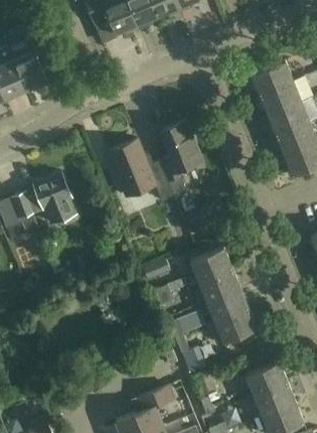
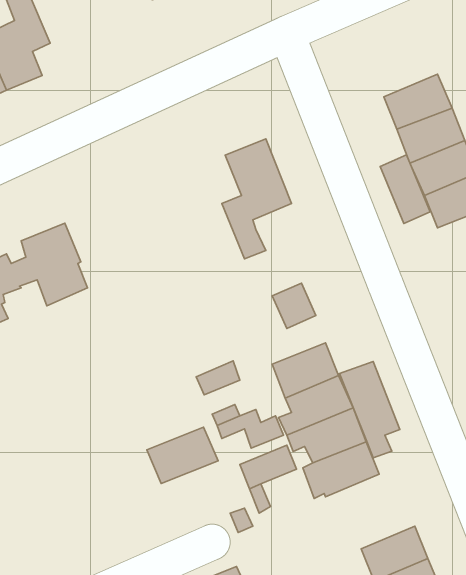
building: [251,60,293,95] -> none
building: none -> [380,155,430,224]
building: [108,140,173,200] -> none
building: none -> [339,361,400,458]
building: none -> [147,427,218,484]

